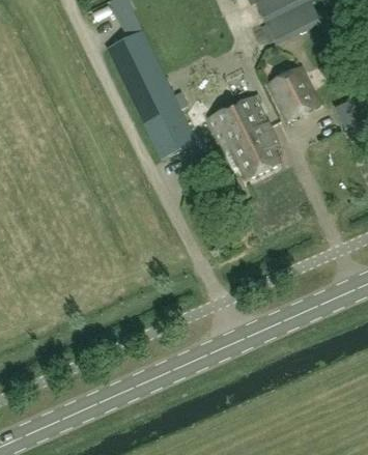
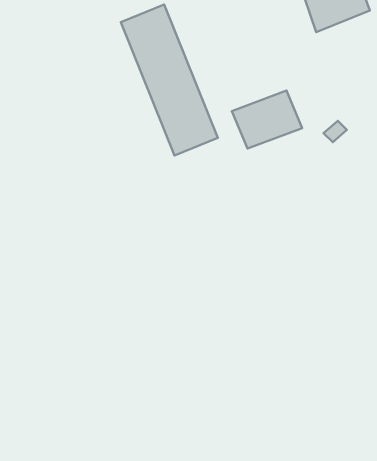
building: [267,66,318,118] -> none
building: [223,126,280,179] -> none

